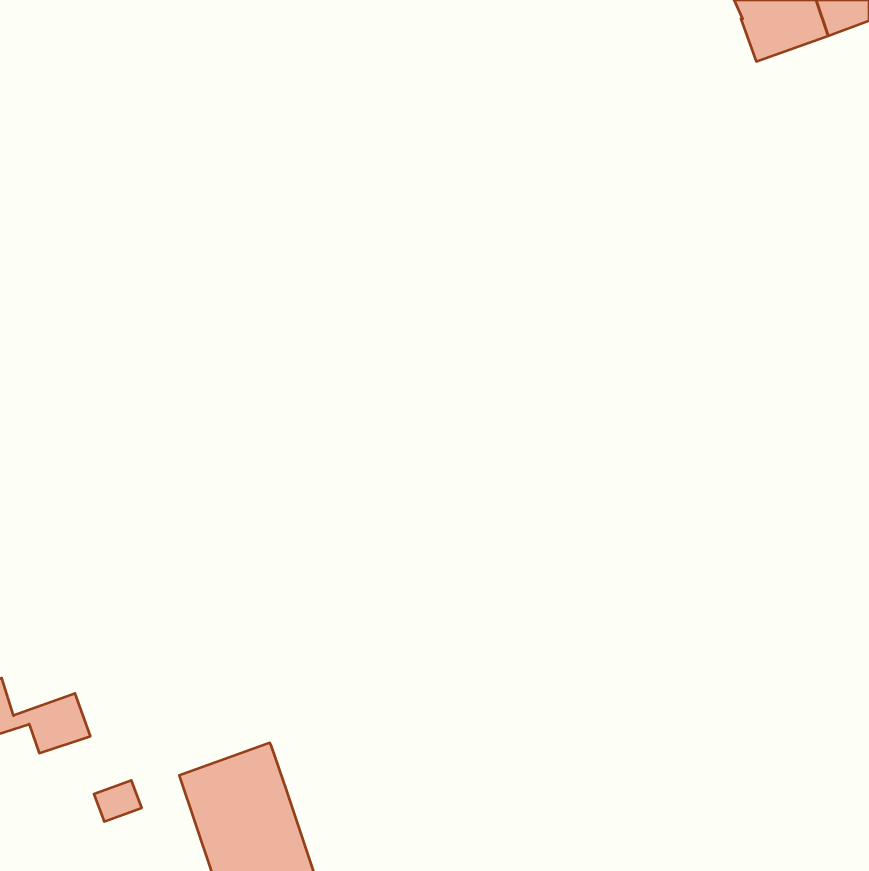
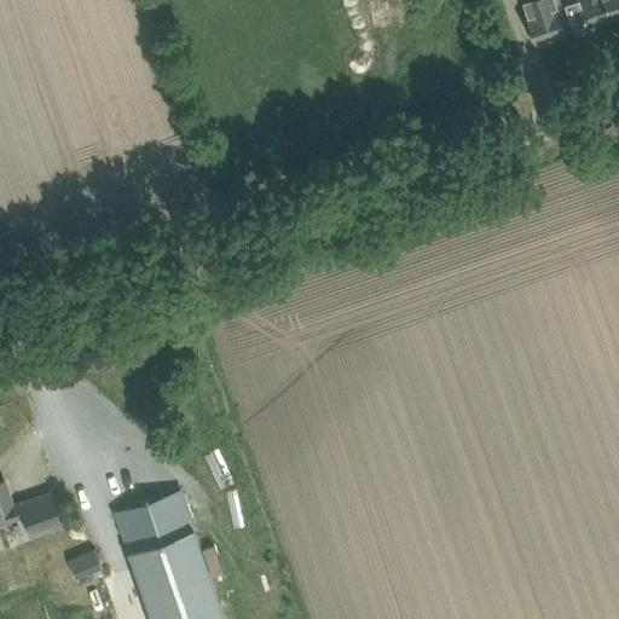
building: none -> [114,491,191,550]

